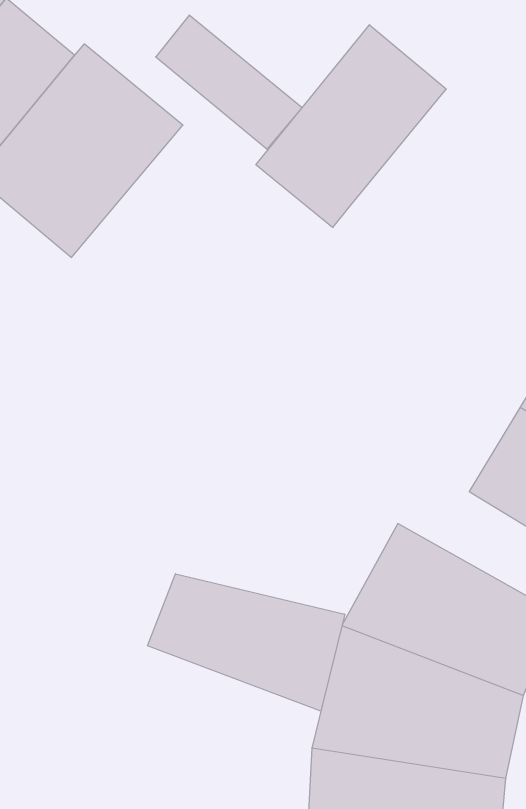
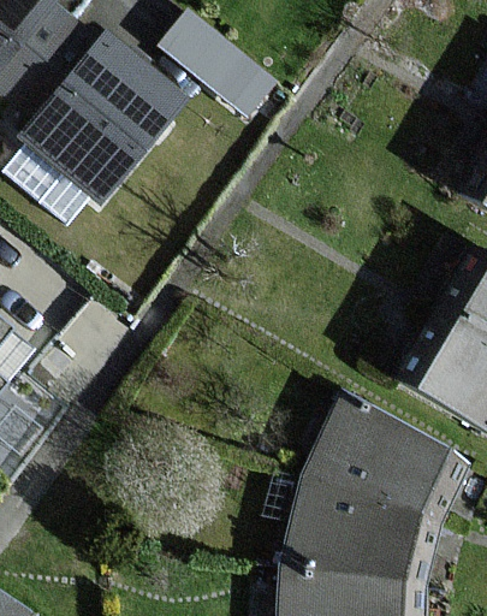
building: [256,25,446,227] -> none
building: [147,574,345,711] -> none

